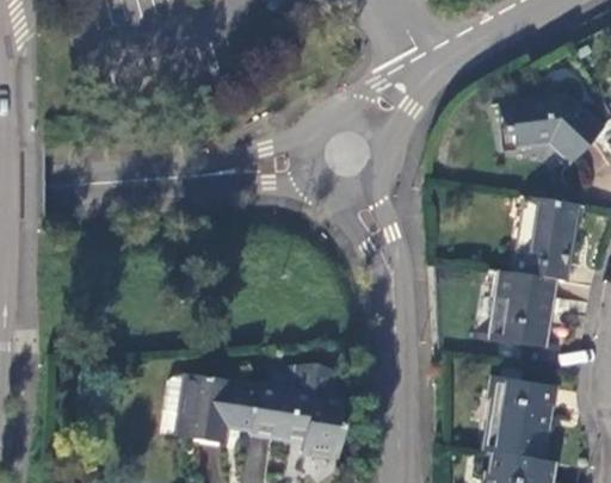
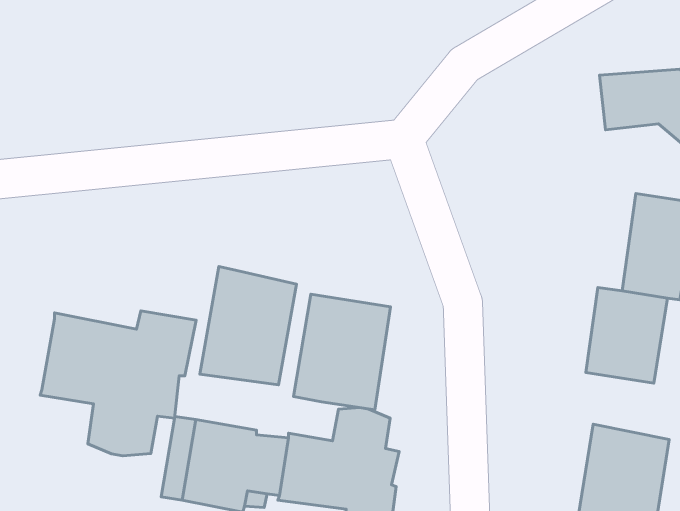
building: none -> [200,266,297,385]
building: none -> [293,294,391,410]
building: none -> [40,311,196,456]

